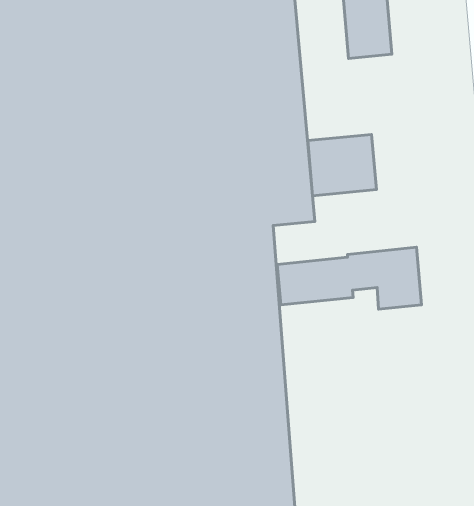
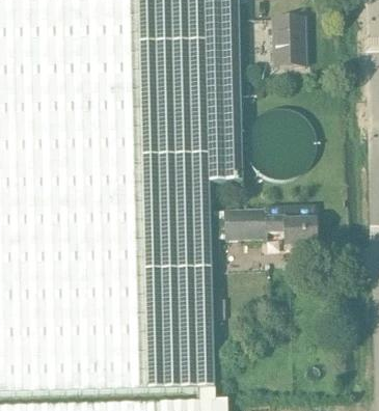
building: [308,135,376,196] -> none

